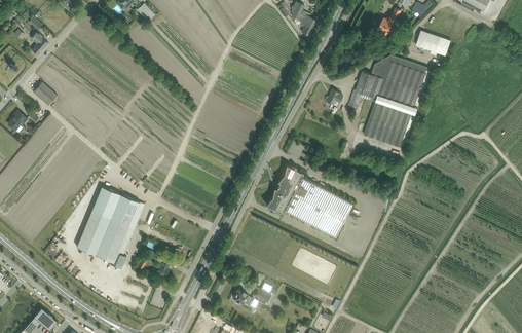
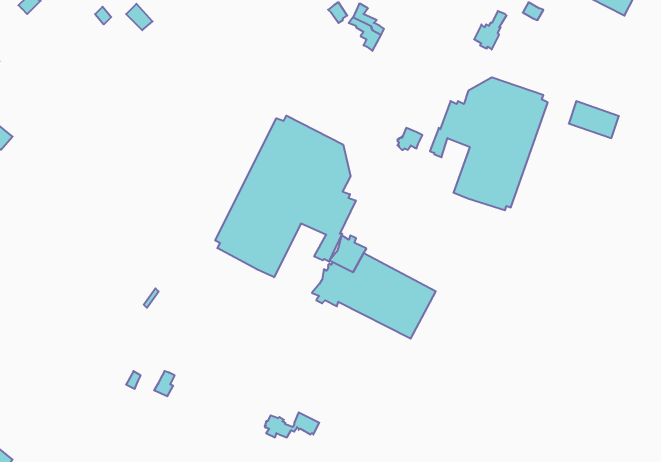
building: [415,30,450,55] -> [569,101,619,138]
building: none -> [215,116,356,277]
building: [76,186,144,266] -> none

